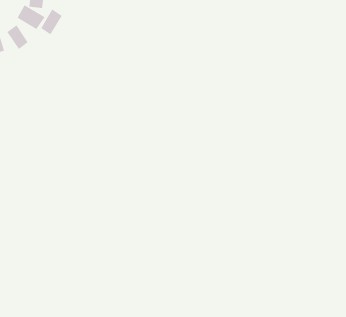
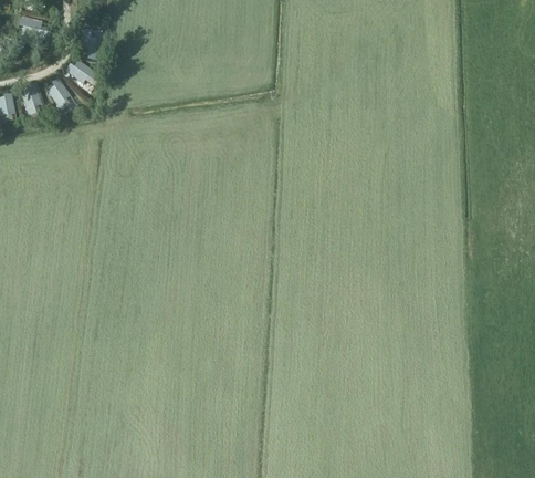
building: [40,9,62,35] -> none

